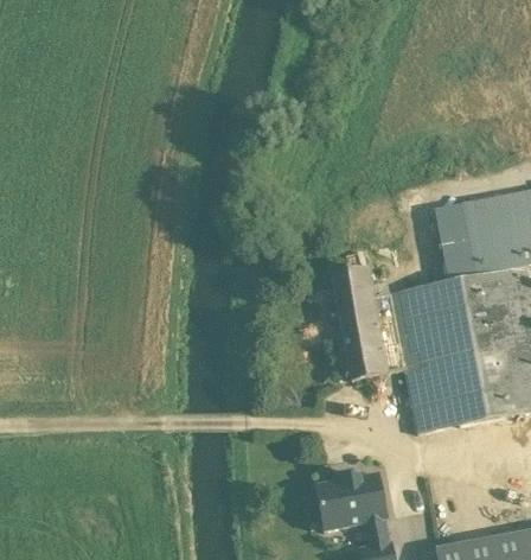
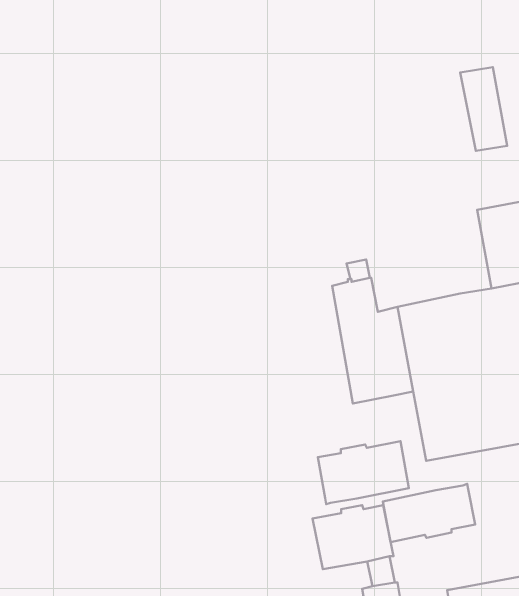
building: [434,204,476,280] -> [460,67,507,151]
building: none -> [318,441,409,504]
building: none -> [383,484,475,542]

